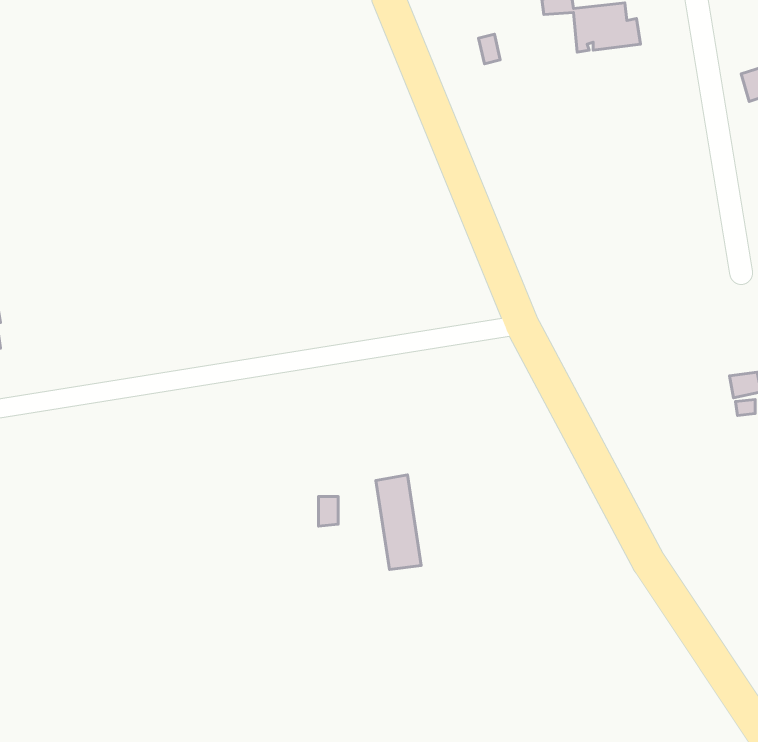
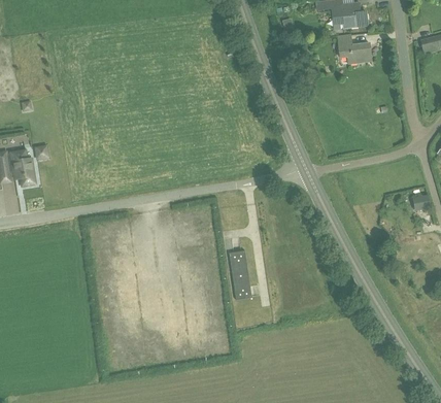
building: none -> [337,33,371,62]

